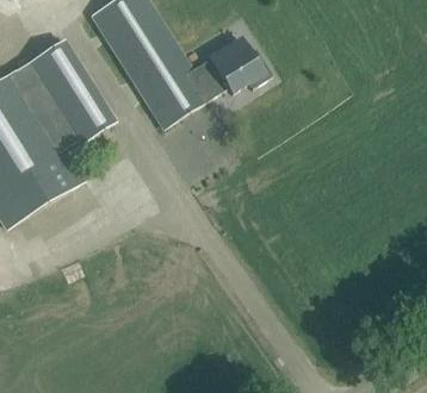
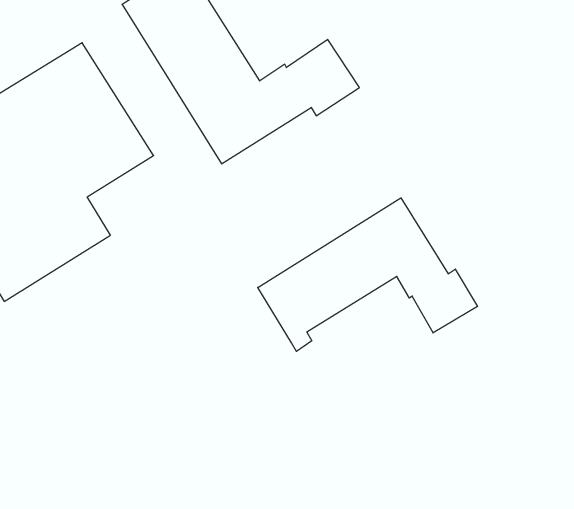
building: none -> [258,198,478,351]

